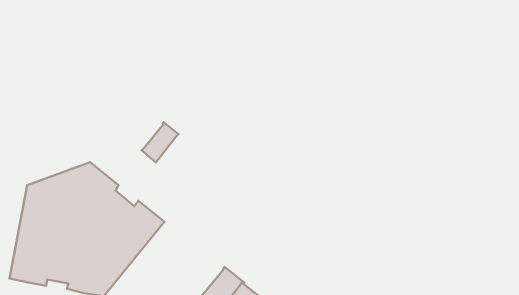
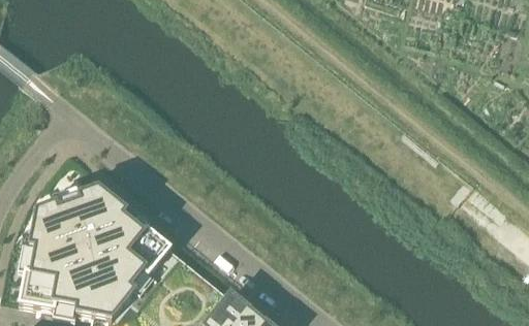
building: [142,122,179,163] -> none

